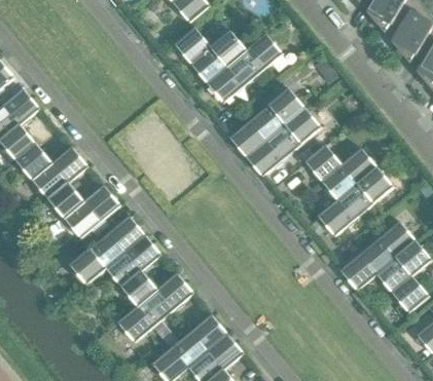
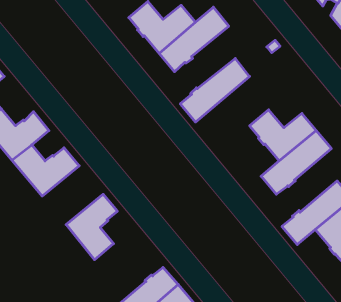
building: [246,108,321,176] -> none
building: [70,216,146,284] -> none
building: [117,272,193,342] -> none

